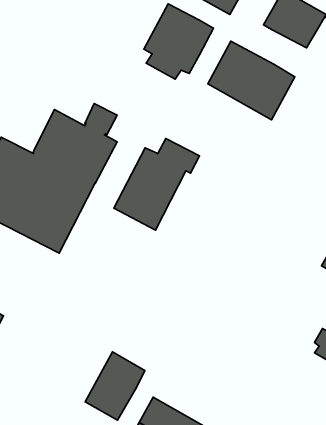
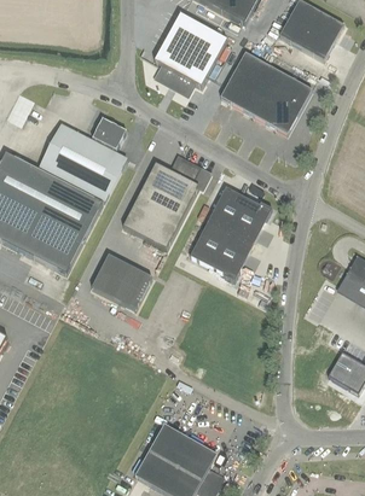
building: none -> [189,186,271,280]
building: none -> [91,253,151,309]
building: [85,352,145,420] -> none

